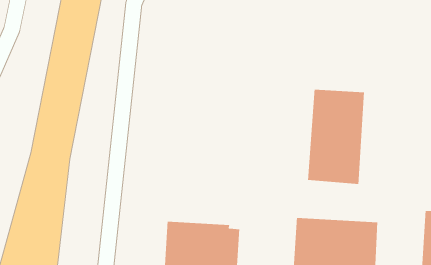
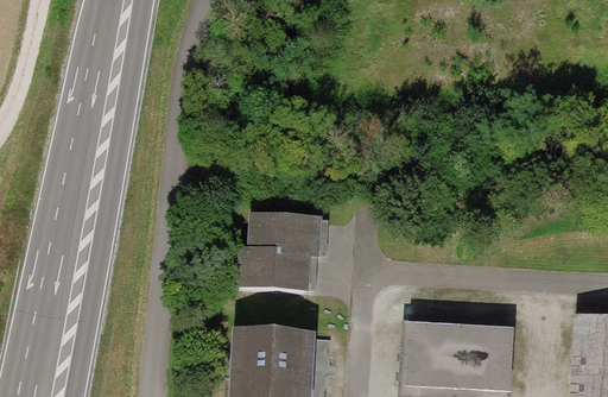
building: [307,89,365,185] -> none
building: none -> [238,212,322,290]

